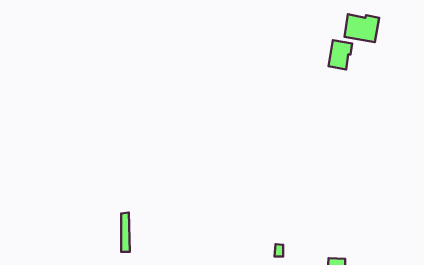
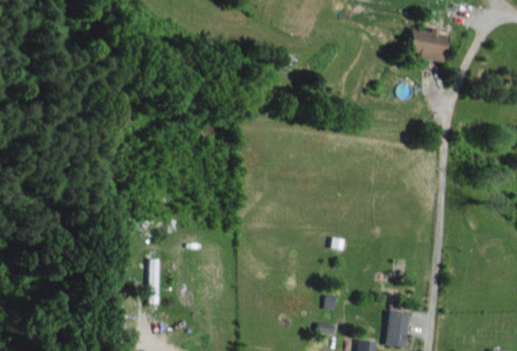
building: [329,40,352,69] -> none

